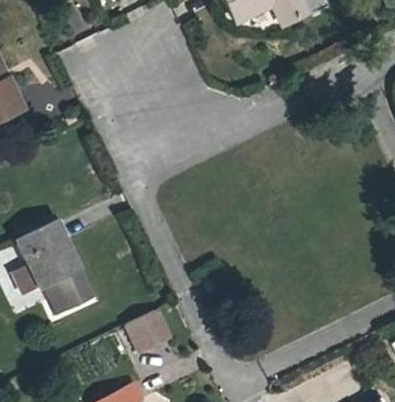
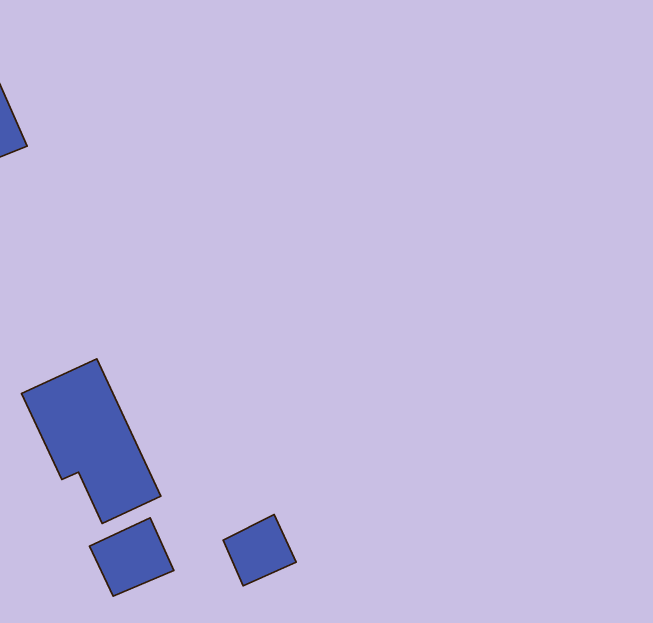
building: none -> [89,518,174,596]

